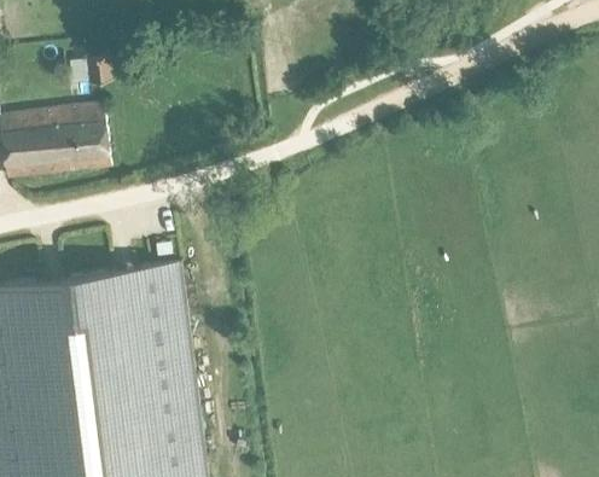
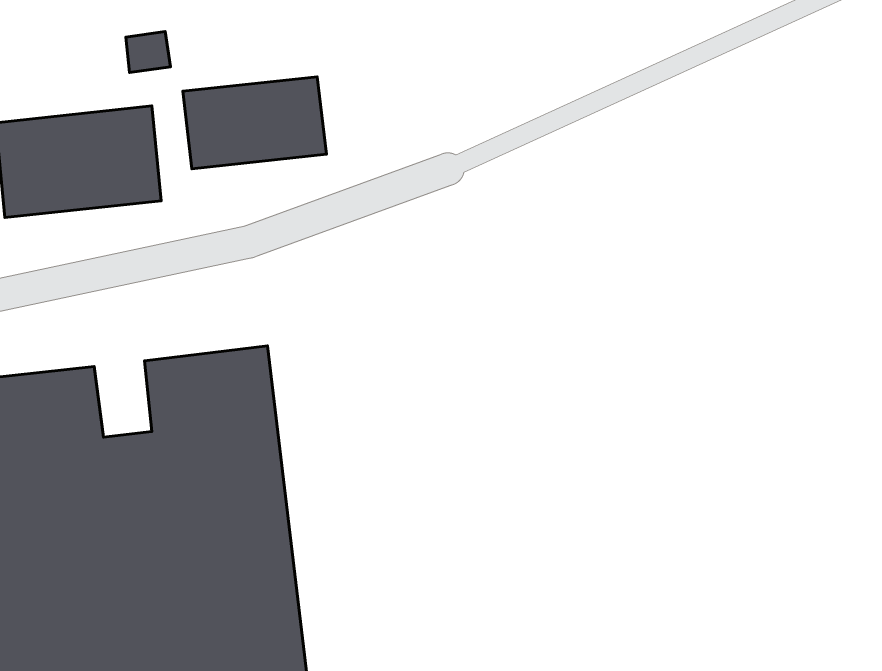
building: none -> [183,77,326,169]
building: [68,269,105,319] -> none

